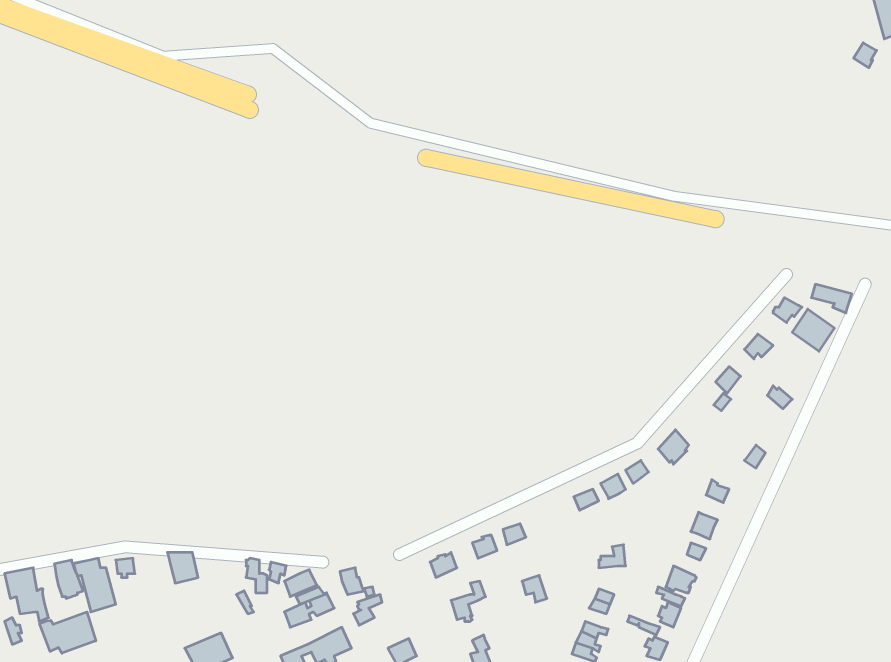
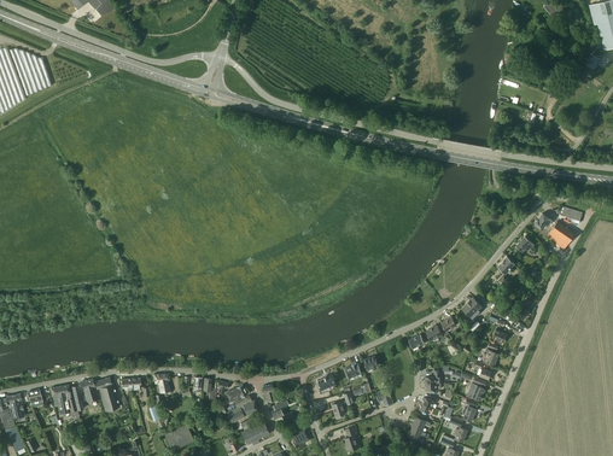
building: [40,612,96,653] -> none

